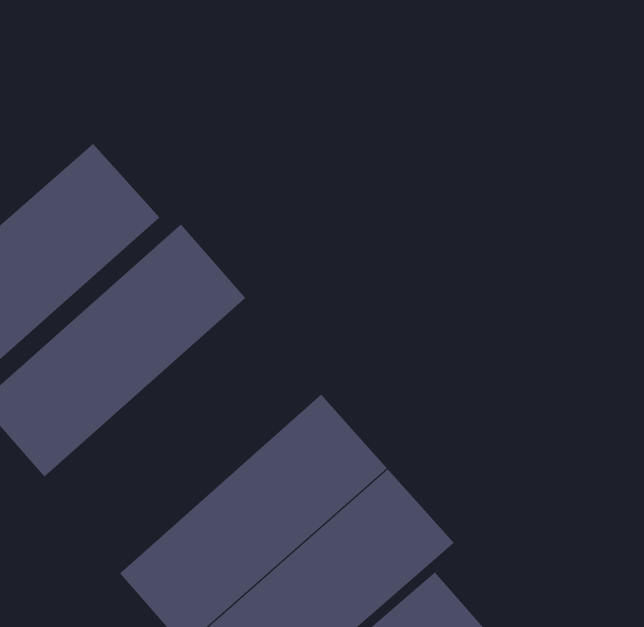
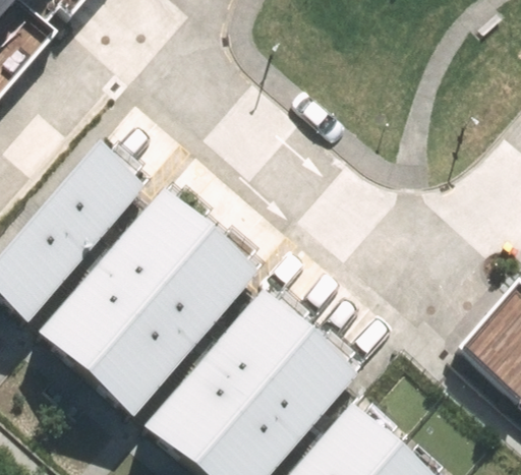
building: none -> [89,235,255,412]

